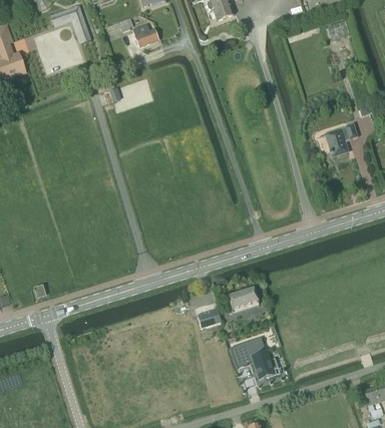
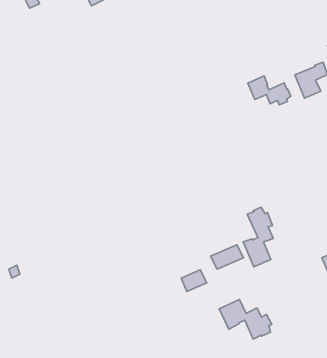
building: none -> [248,76,291,105]
building: none -> [243,207,273,267]

